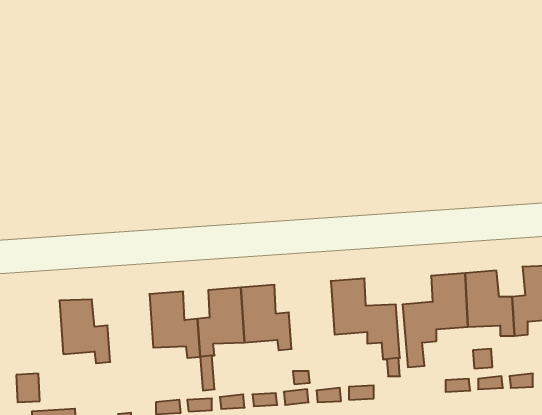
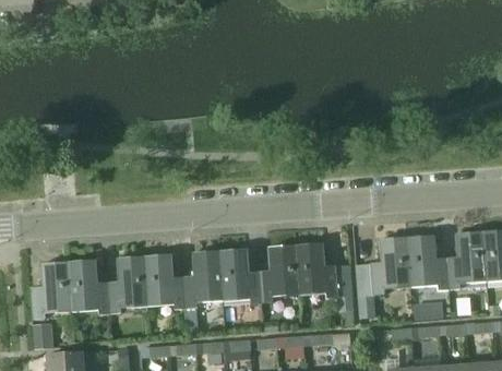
building: none -> [261,246,299,302]
building: none -> [109,256,147,313]
building: none -> [31,262,72,320]

